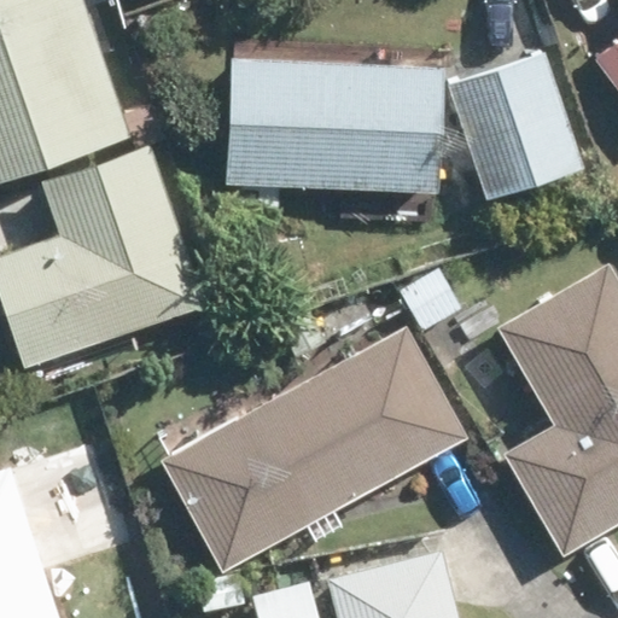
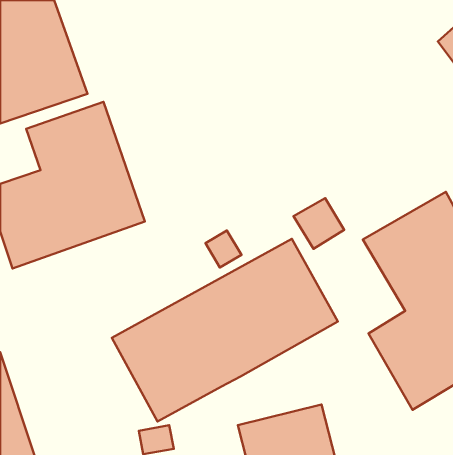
building: [448,51,582,198] -> none
building: [216,62,435,212] -> none

